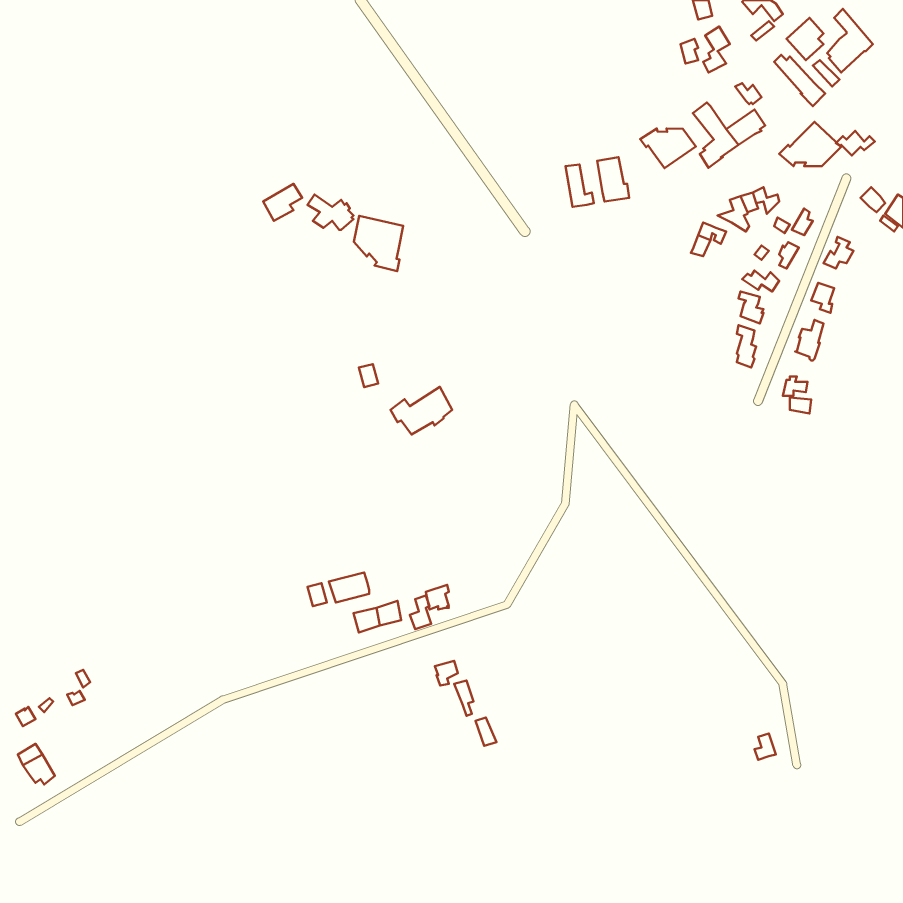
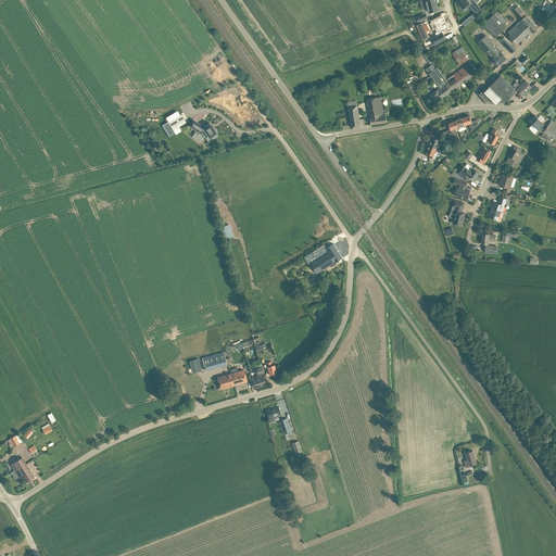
building: [640,128,696,168] -> none
building: [354,216,403,271] -> none
building: [390,387,452,434] -> [304,243,342,273]

